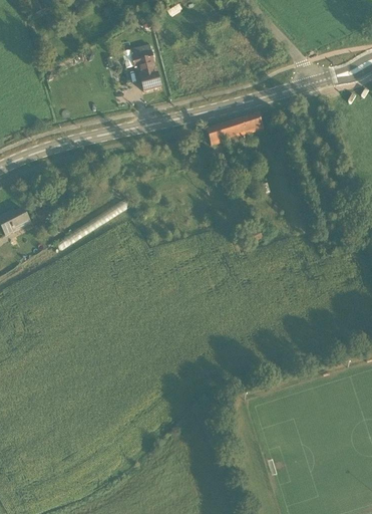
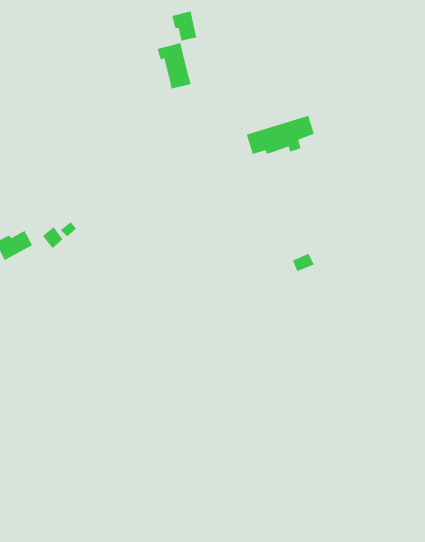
building: none -> [171,10,197,41]

